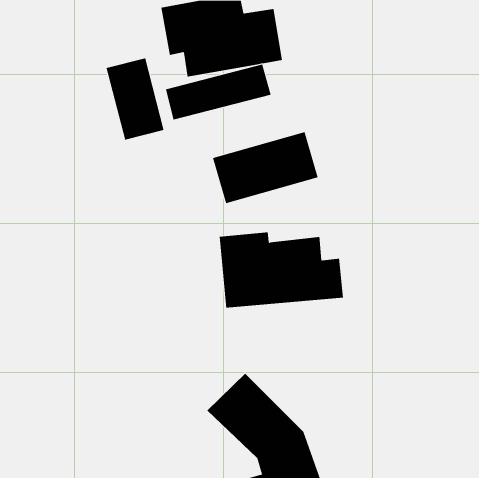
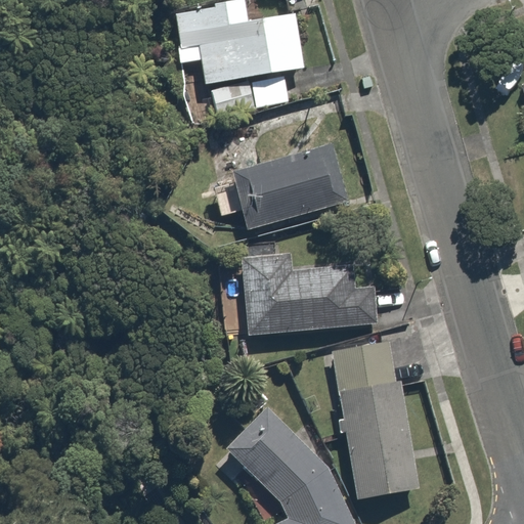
building: [106,58,164,141] -> none
building: none -> [334,339,417,498]

